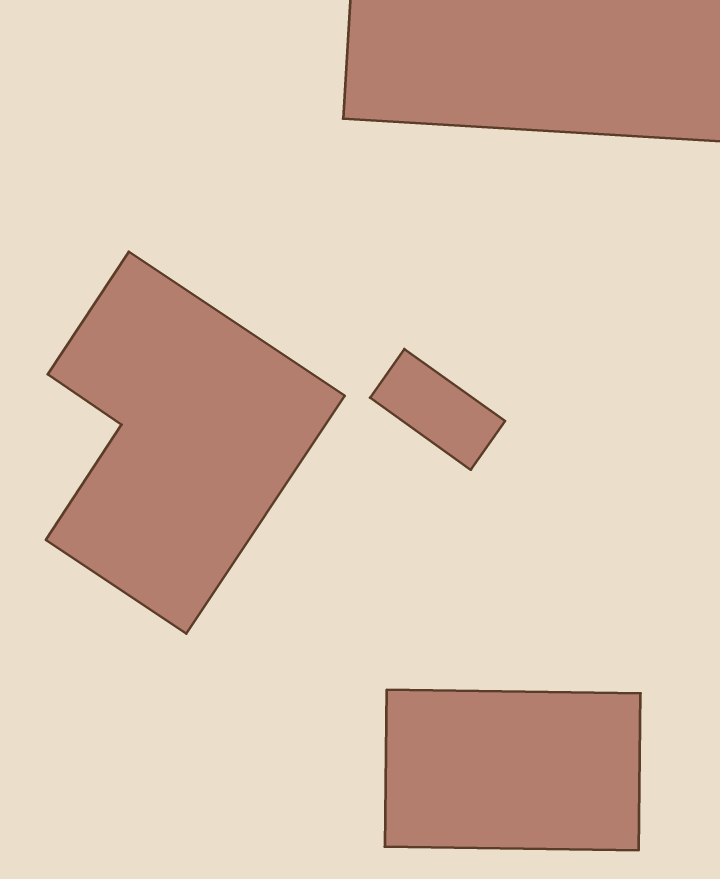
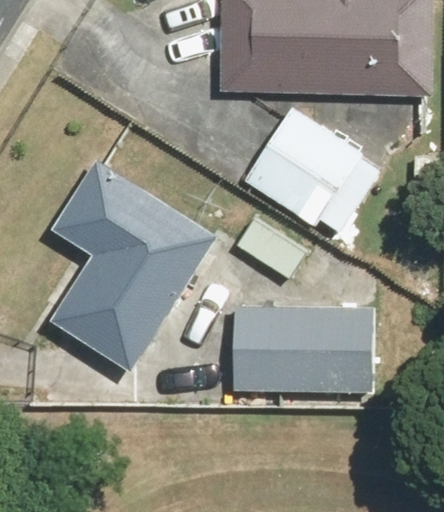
building: none -> [241,105,383,241]
building: [385,690,641,850] -> [232,303,374,392]

